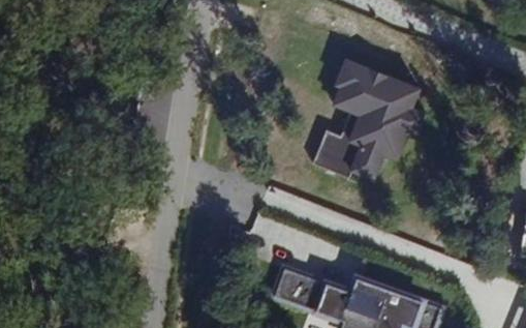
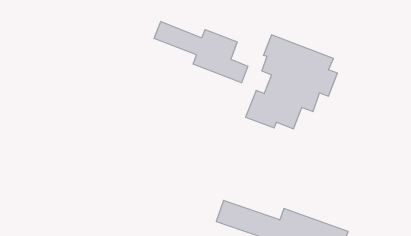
building: none -> [154,22,248,83]

